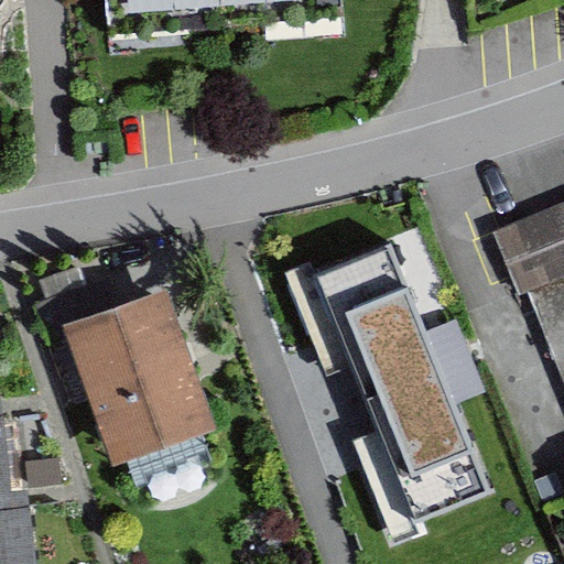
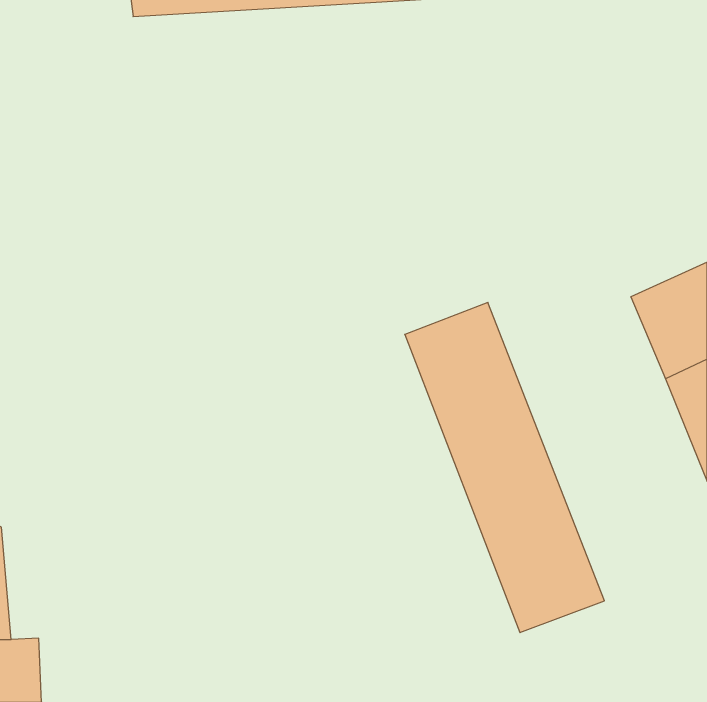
building: [70,299,205,455] -> none

